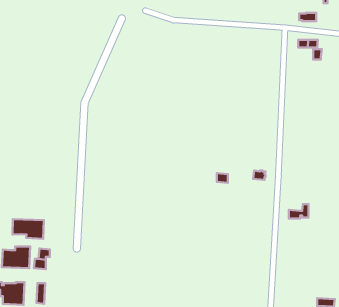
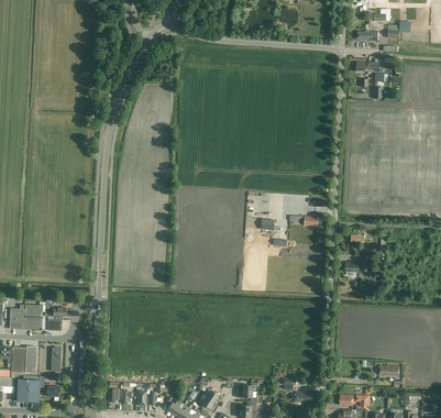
building: [13,219,44,239] -> none

